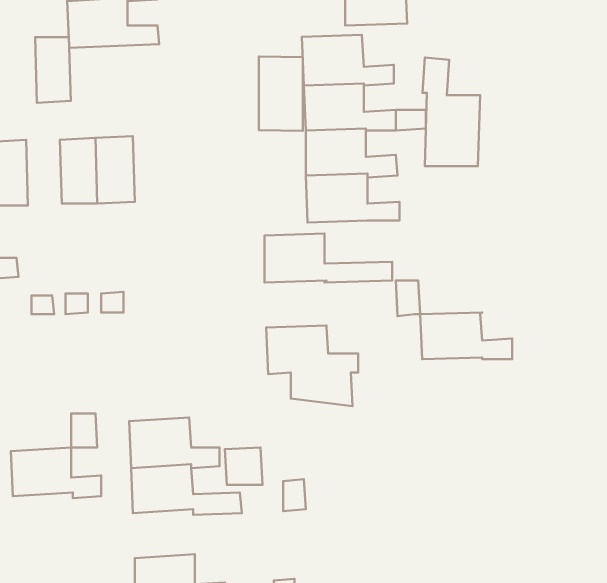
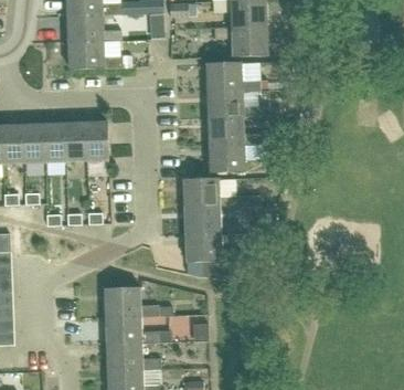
building: [35,37,71,103] -> [43,124,64,162]
building: [259,56,303,131] -> none
building: [422,57,480,166] -> none
building: [420,312,512,359] -> [183,207,237,234]
building: [11,447,101,498] -> [106,341,159,371]

